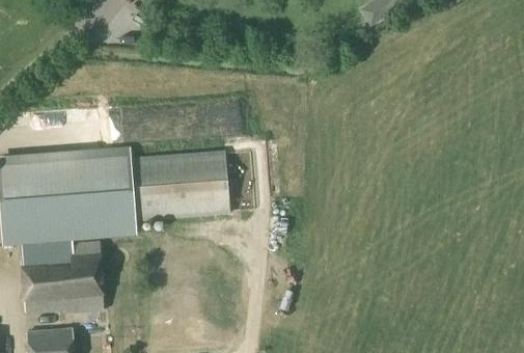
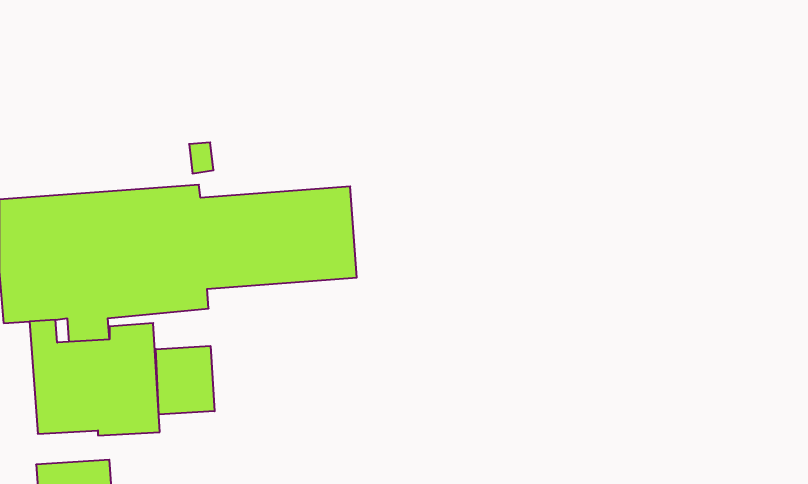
building: none -> [156,346,215,415]

